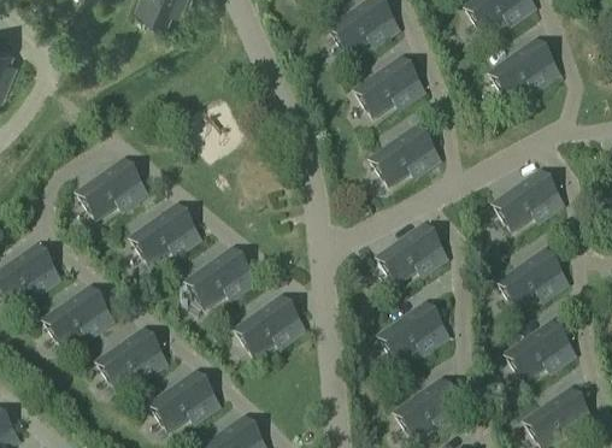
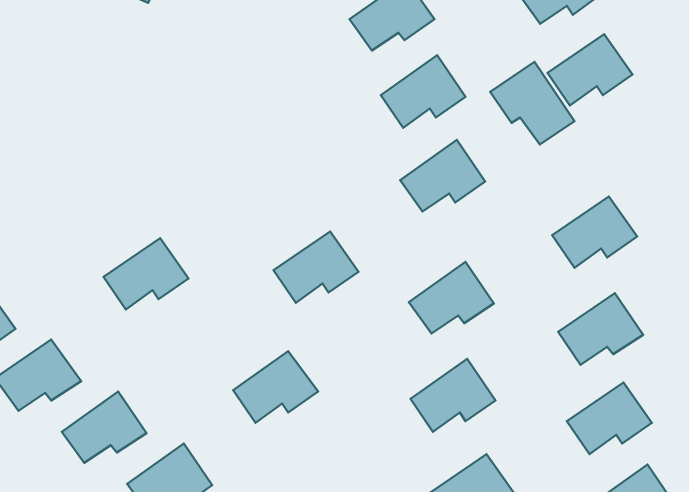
building: none -> [490,62,575,144]
building: [78,159,147,217] -> none
building: [187,248,255,306] -> [273,232,358,303]

